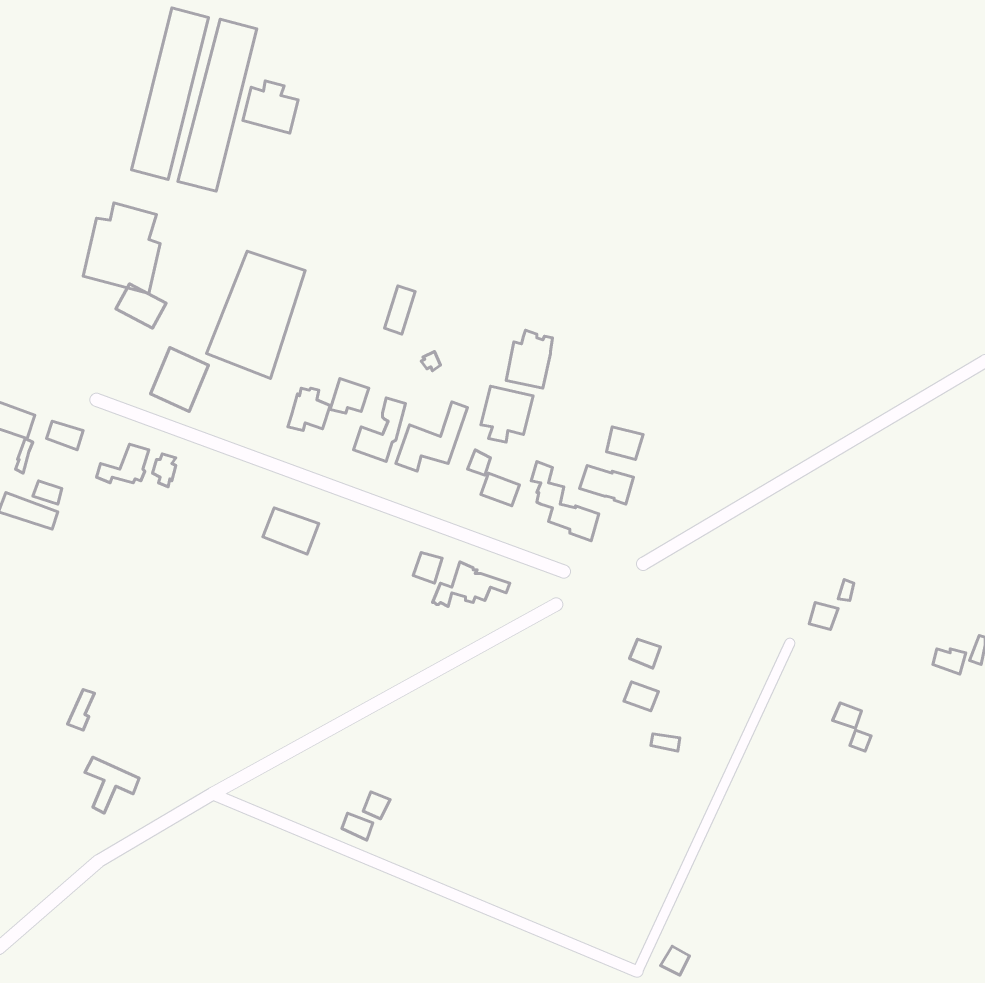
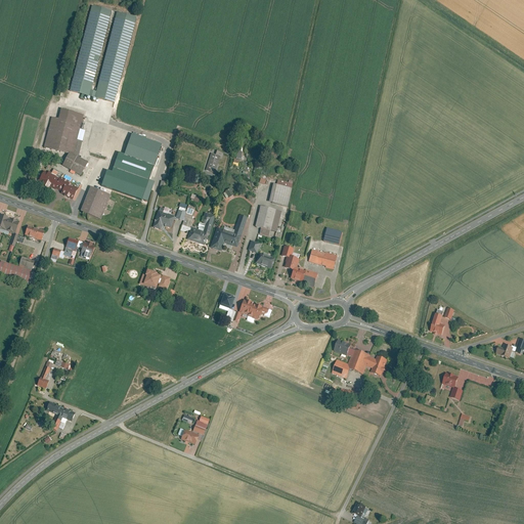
building: [243,81,298,133] -> none
building: none -> [39,169,78,199]
building: none -> [347,349,385,378]

